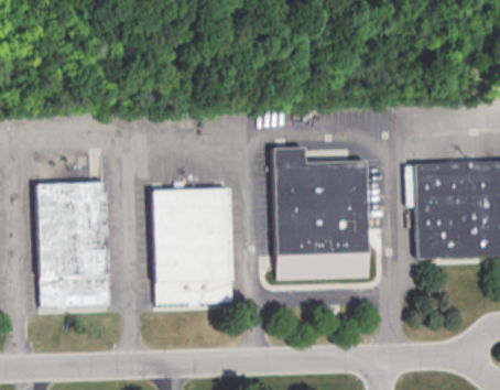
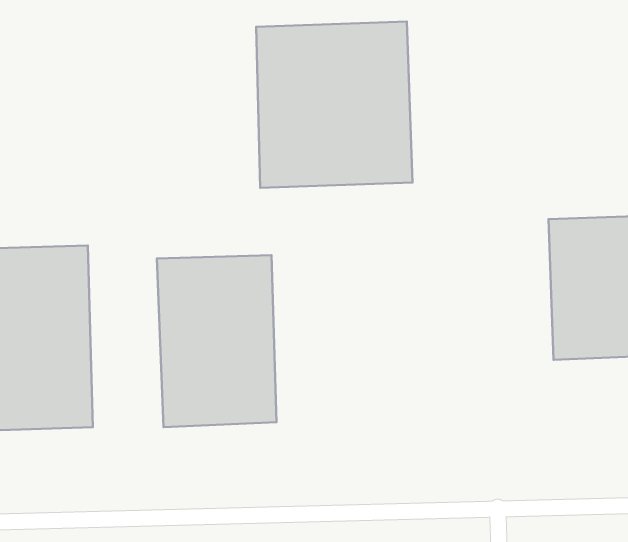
building: none -> [256,22,413,188]
building: [272,147,369,280] -> none

